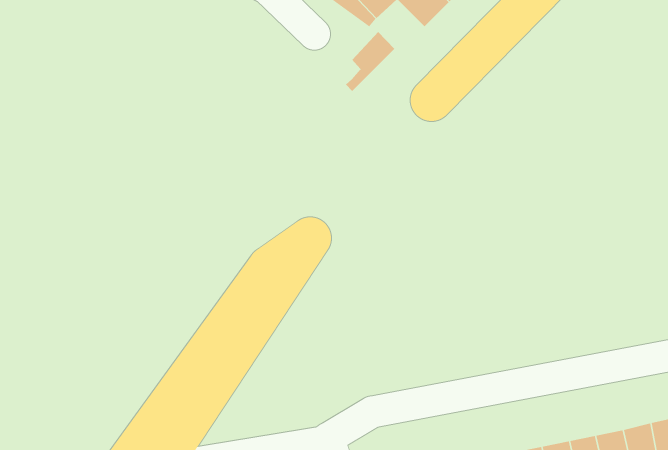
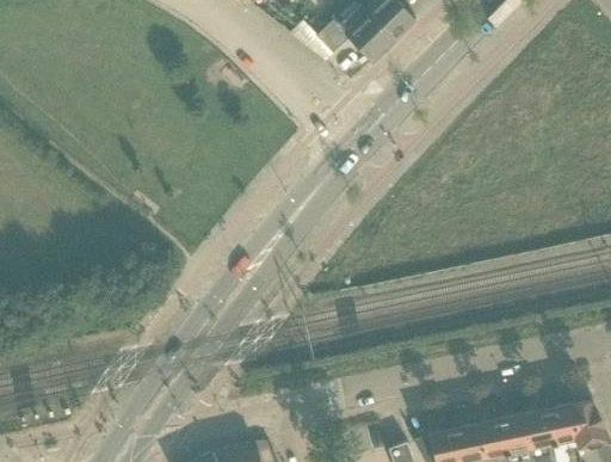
building: [345,31,395,92] -> none

